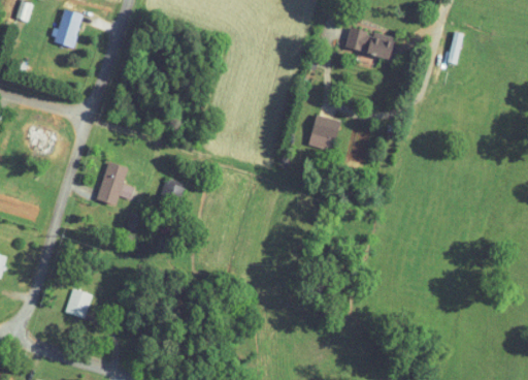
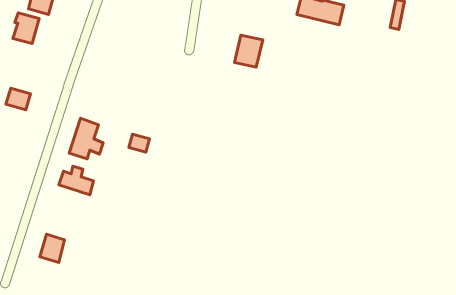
building: none -> [13,13,39,43]
building: [309,116,340,151] -> [234,35,263,67]
building: none -> [59,166,94,195]

